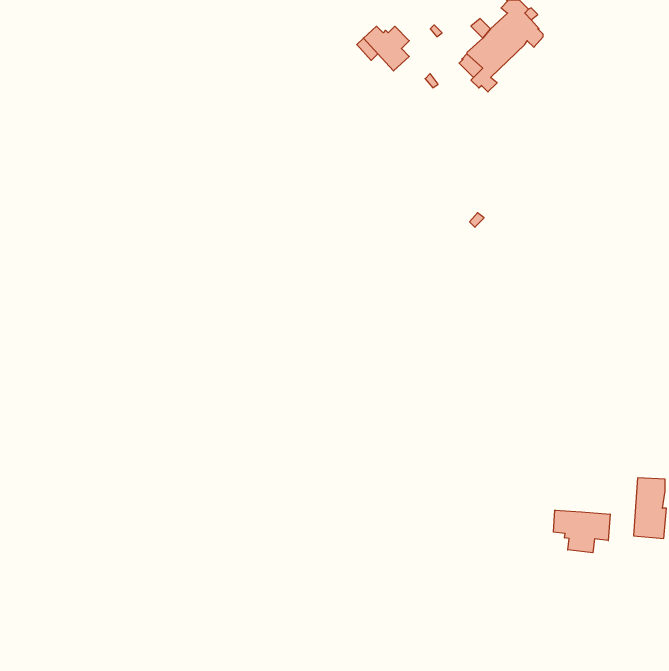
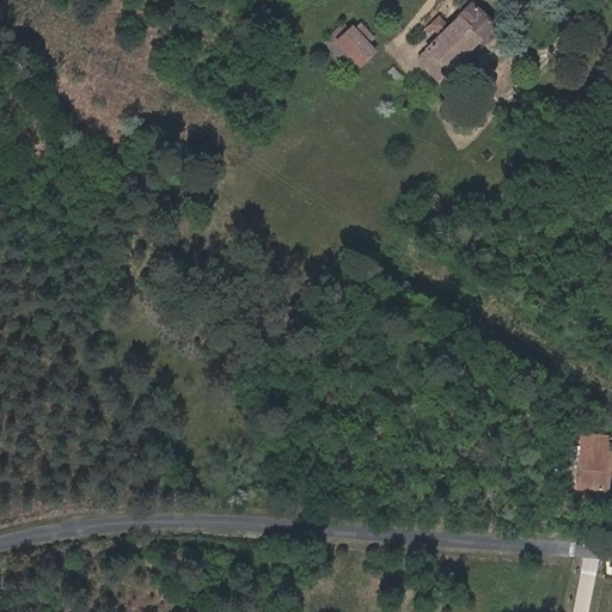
building: [554,510,610,553] -> none

